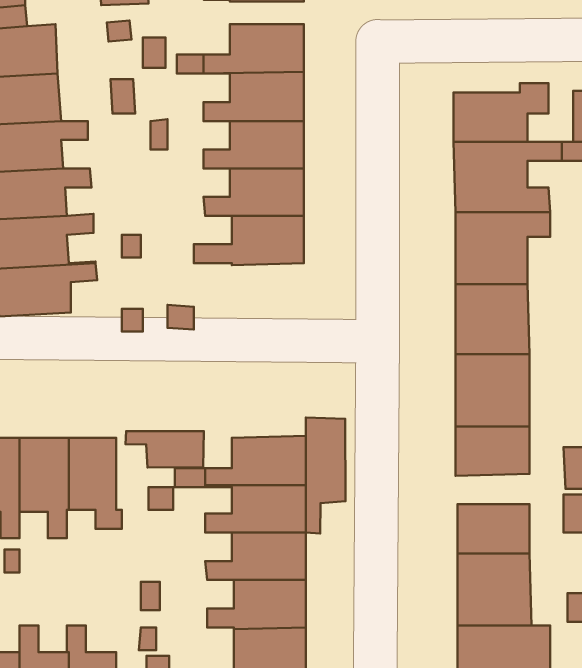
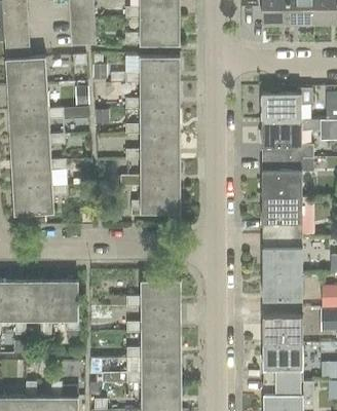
building: none -> [132,186,180,216]
building: [306,418,345,534] -> none
building: [126,431,204,467] -> none

